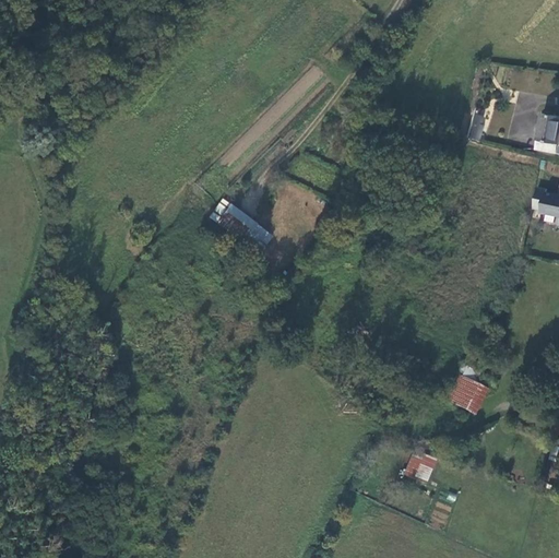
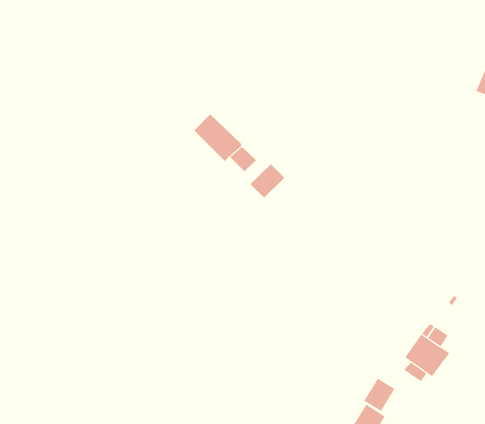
building: none -> [250,163,285,199]
building: none -> [364,378,395,412]

